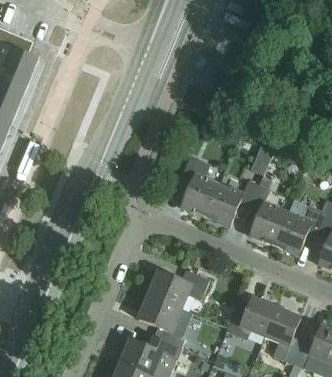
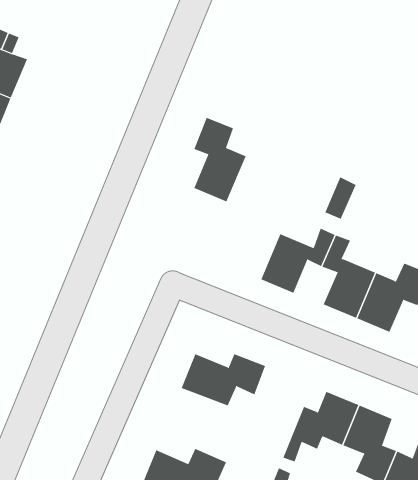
building: [181,155,219,216] -> [194,117,246,202]
building: [138,294,185,347] -> none

